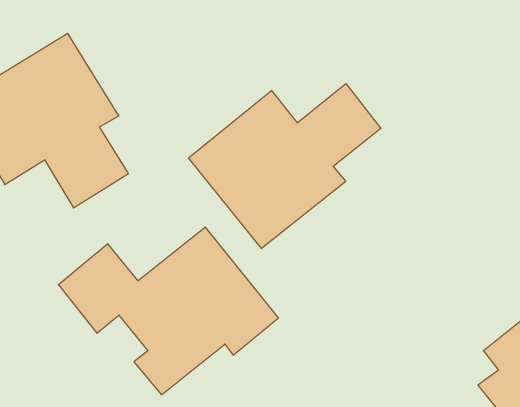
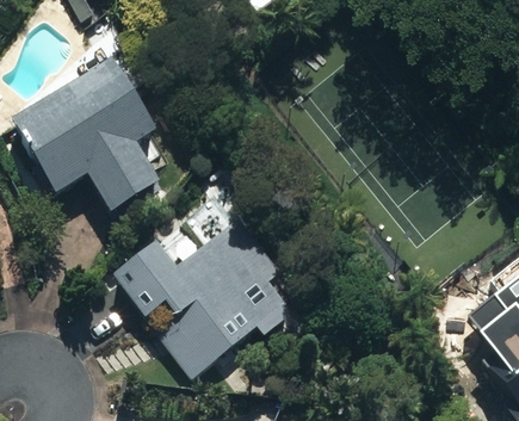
building: [189,84,381,249] -> none

